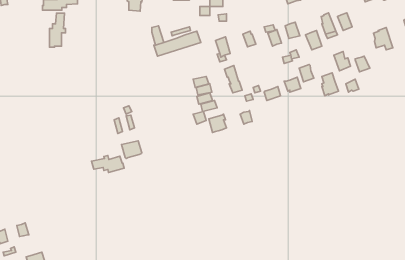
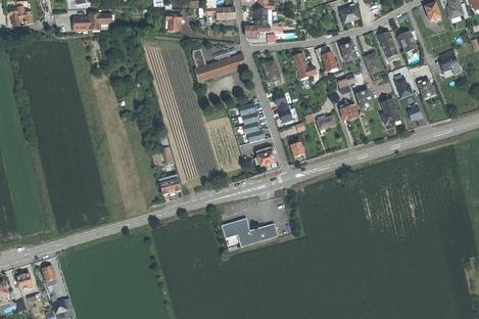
building: [49,13,65,47] -> none
building: [92,155,124,173] -> none
building: none -> [221,220,278,249]

